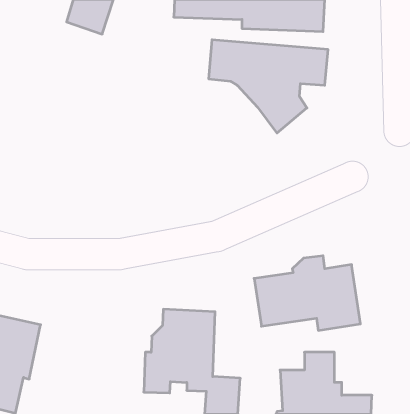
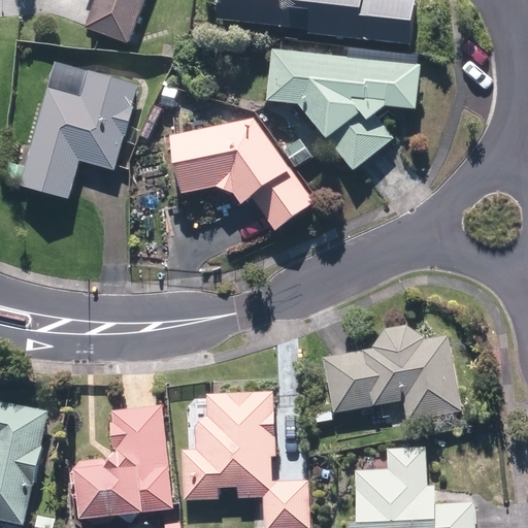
building: none -> [24,60,138,197]
building: none -> [168,118,314,229]
building: none -> [68,405,170,518]

